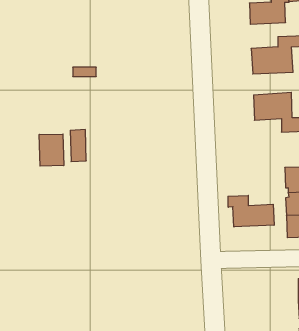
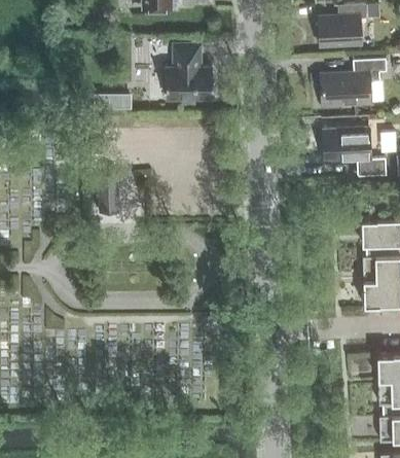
building: none -> [167,44,214,98]
building: [39,134,64,166] -> none
building: [228,195,274,227] -> none

